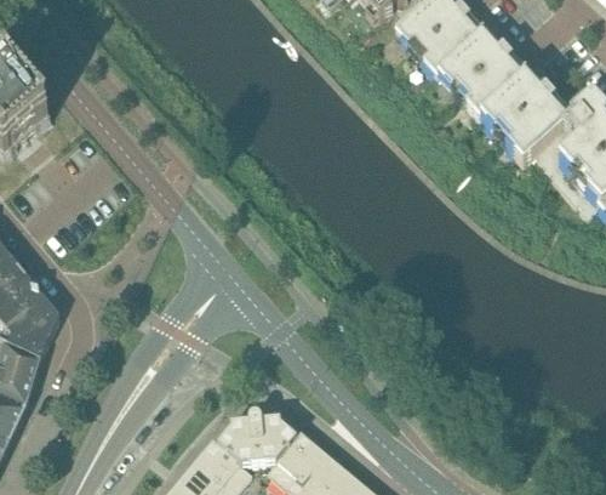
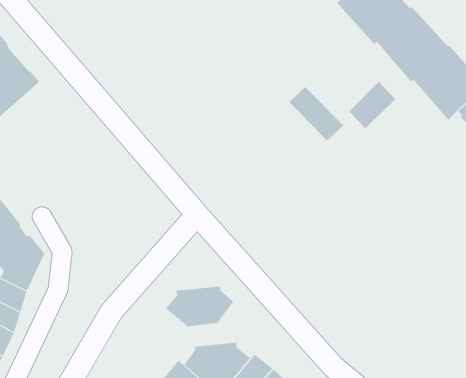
building: none -> [348,81,396,129]
building: none -> [289,86,344,141]
building: none -> [165,286,234,327]

